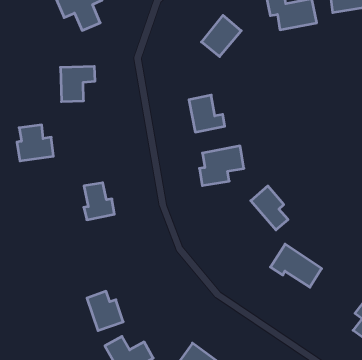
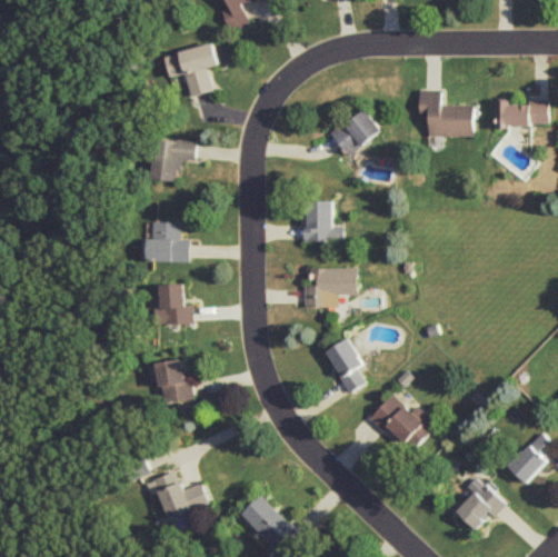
building: [17,125,53,161] -> [148,221,190,262]
building: [251,186,288,230] -> [323,338,365,392]
building: [87,291,123,331] -> [156,358,195,404]

